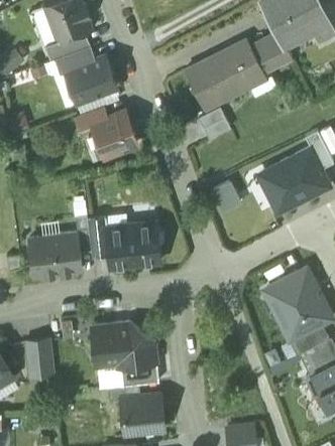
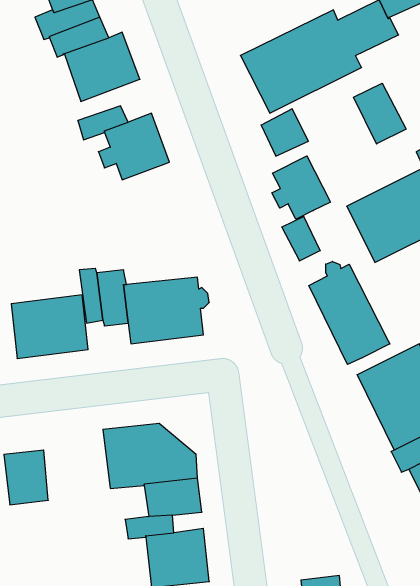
building: none -> [354,83,406,144]
building: none -> [272,156,330,219]
building: none -> [309,261,390,364]

